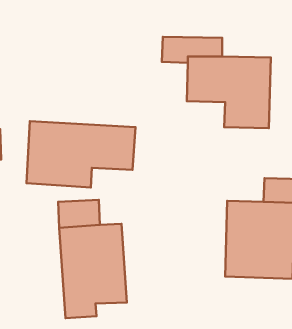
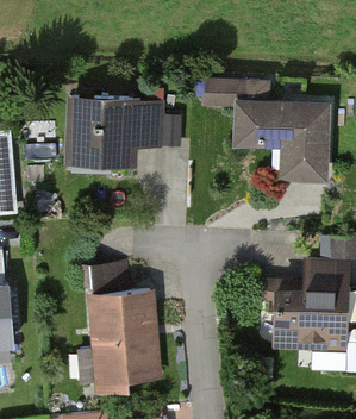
building: [27,121,135,187] -> [61,93,186,169]

